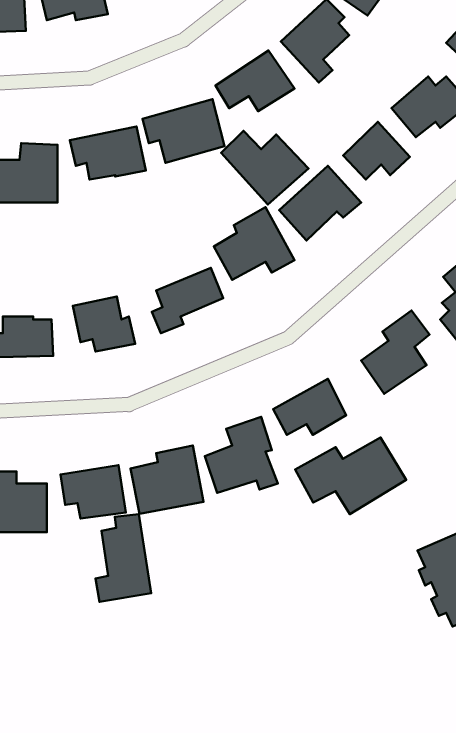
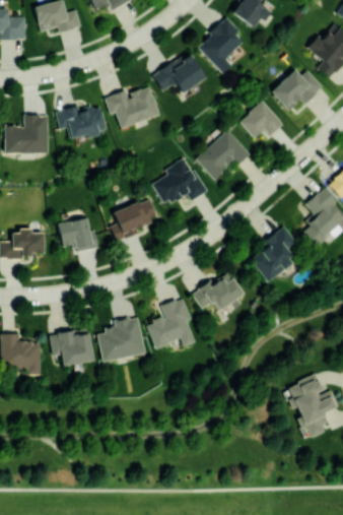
building: [221,131,309,205] -> none
building: [295,437,406,514] -> none
building: [96,514,151,602] -> none

